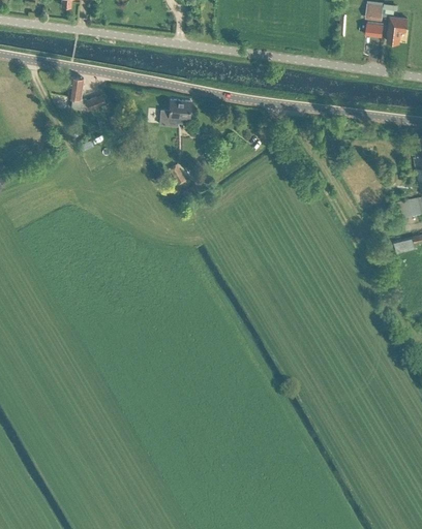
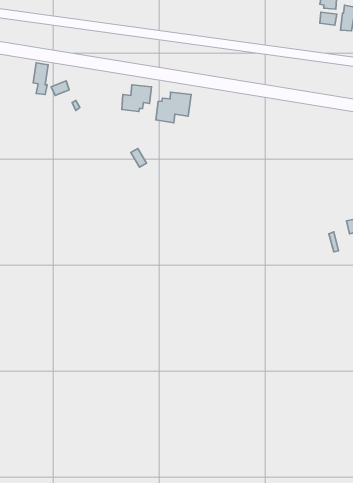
building: none -> [156,92,191,123]

